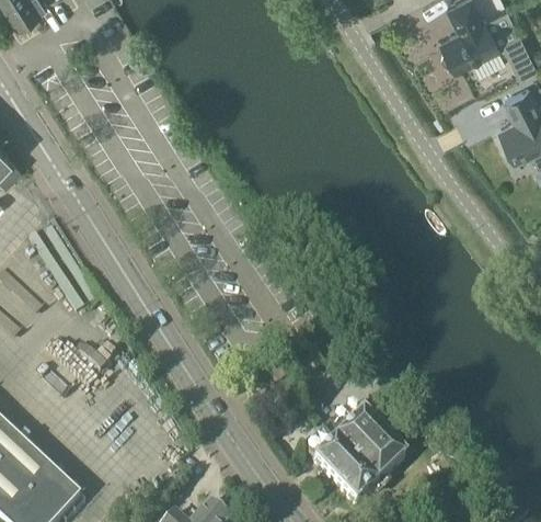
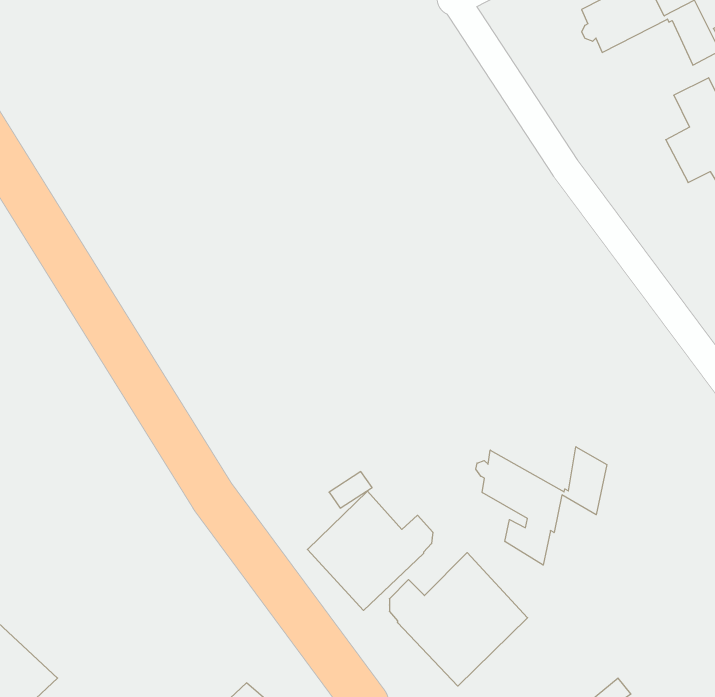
building: none -> [476,447,607,565]
building: none -> [307,491,433,610]

